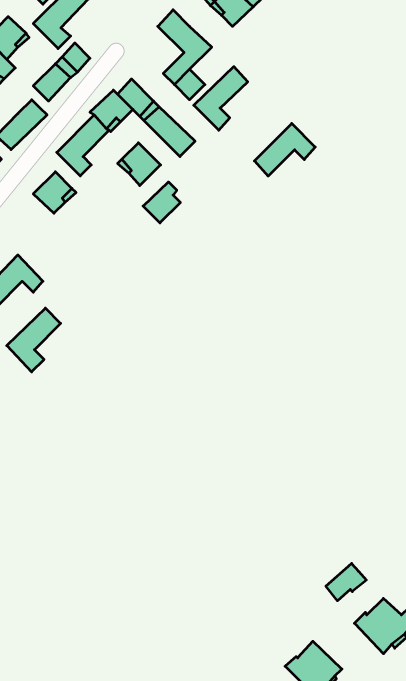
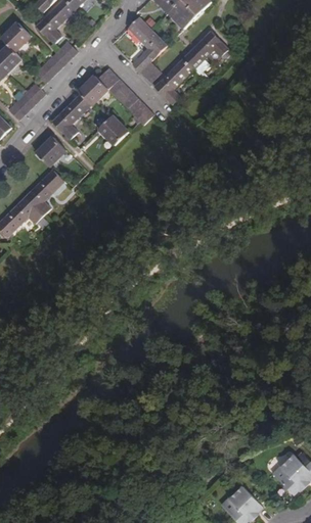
building: [254,123,315,176] -> [183,31,228,69]
building: [143,182,180,223] -> none
building: [7,308,61,372] -> [24,170,63,217]
building: [326,563,366,601] -> none

